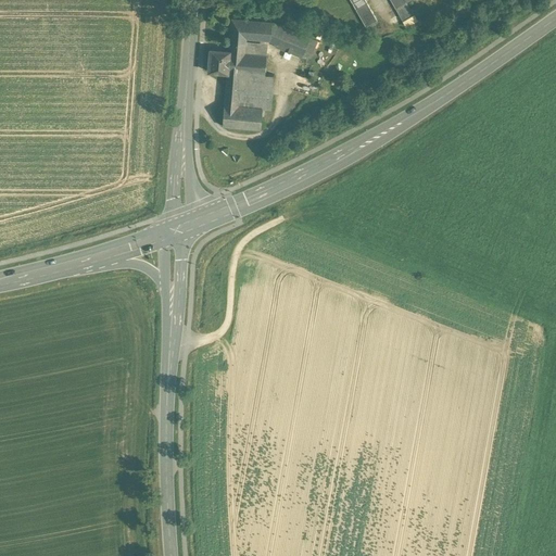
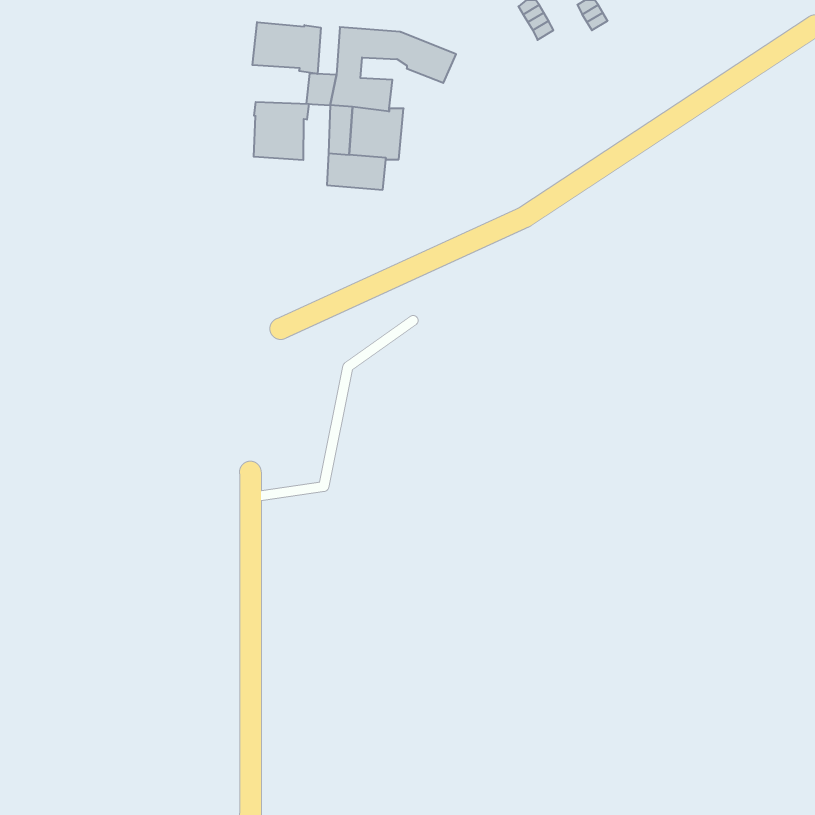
building: none -> [252,22,321,74]
building: none -> [254,102,309,160]

